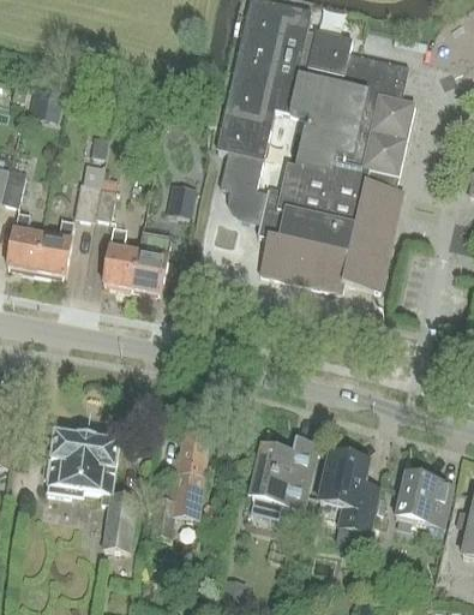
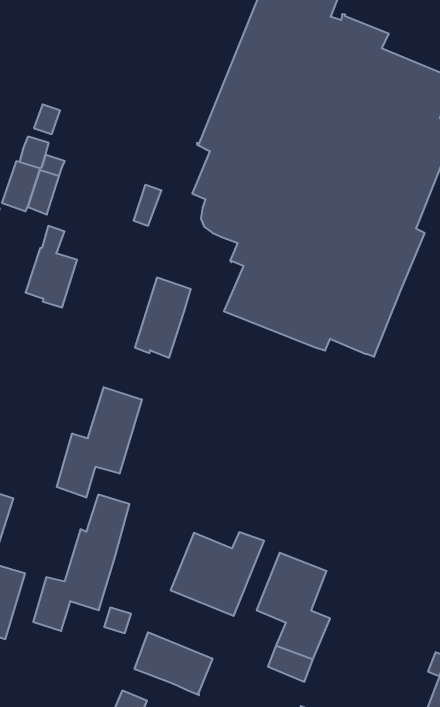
building: [133,232,169,292] -> [135,278,191,358]
building: none -> [57,387,142,498]
building: [395,472,452,525] -> none
building: none -> [135,632,212,695]

